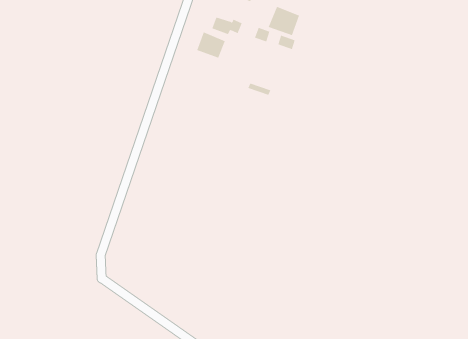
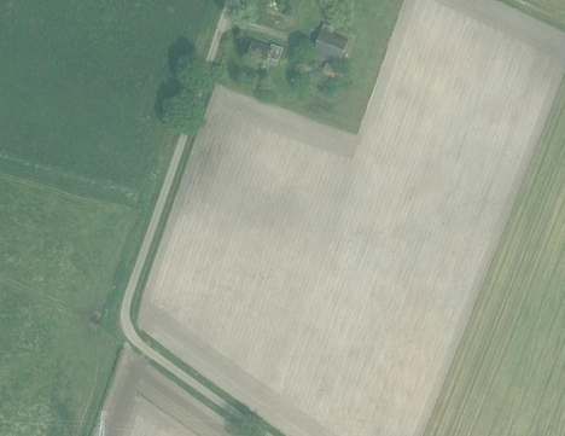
building: [197,32,226,58] -> none

